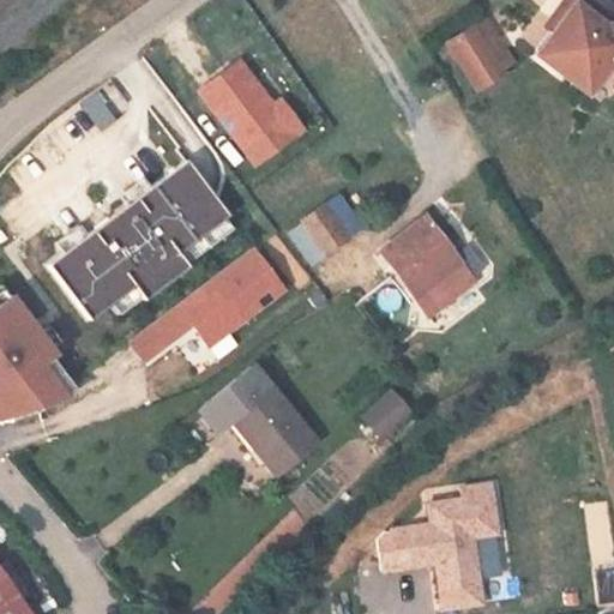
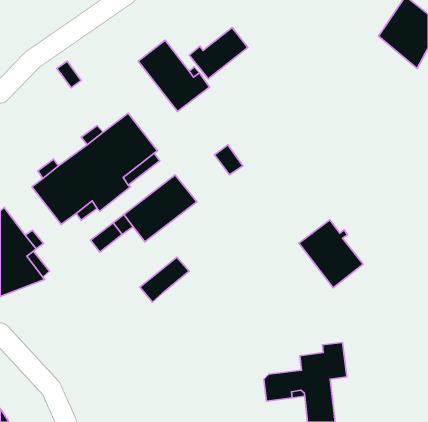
building: [453,22,516,89] -> none
building: none -> [189,28,248,79]
building: [383,219,475,317] -> [299,220,363,288]
building: [362,387,410,434] -> none
building: [233,389,317,475] -> none

